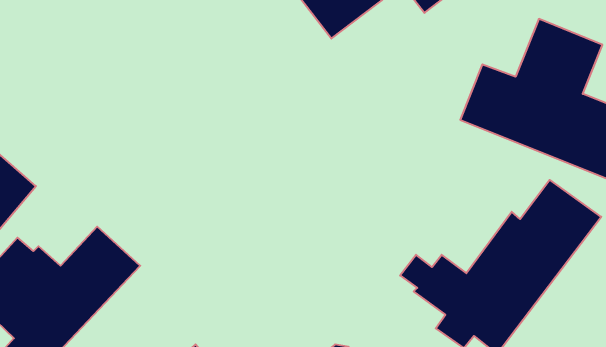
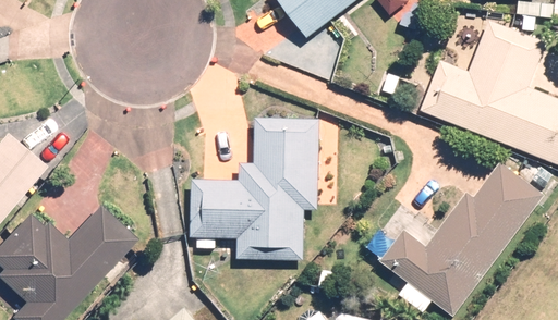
building: none -> [189,118,319,261]

